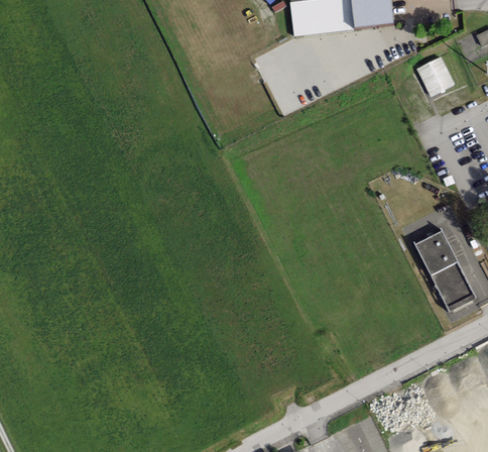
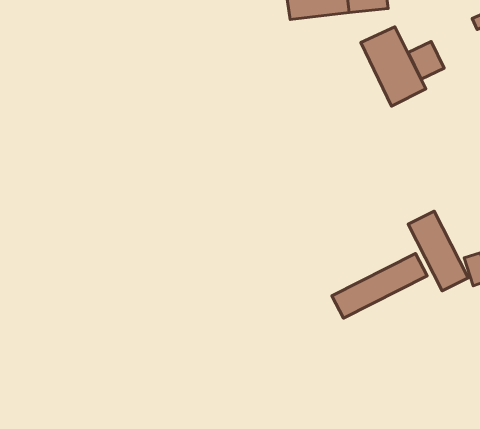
building: none -> [361,27,426,106]
building: none -> [332,253,427,318]

